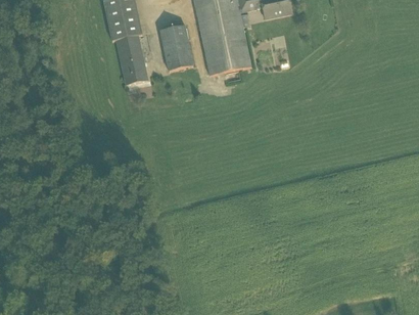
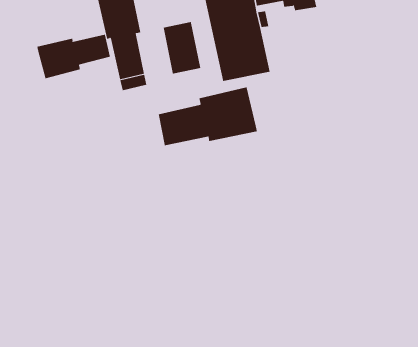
building: none -> [37,34,110,79]
building: none -> [158,87,257,146]

